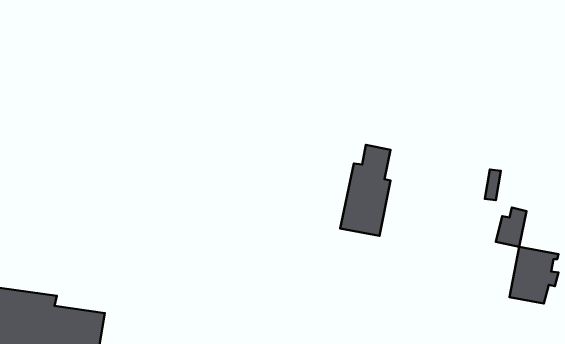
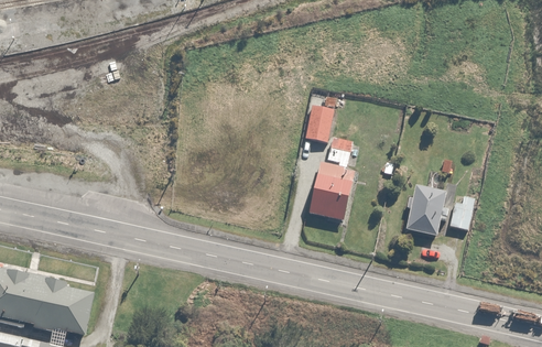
building: none -> [306,105,333,141]
building: [509,247,559,303] -> [405,184,449,235]

